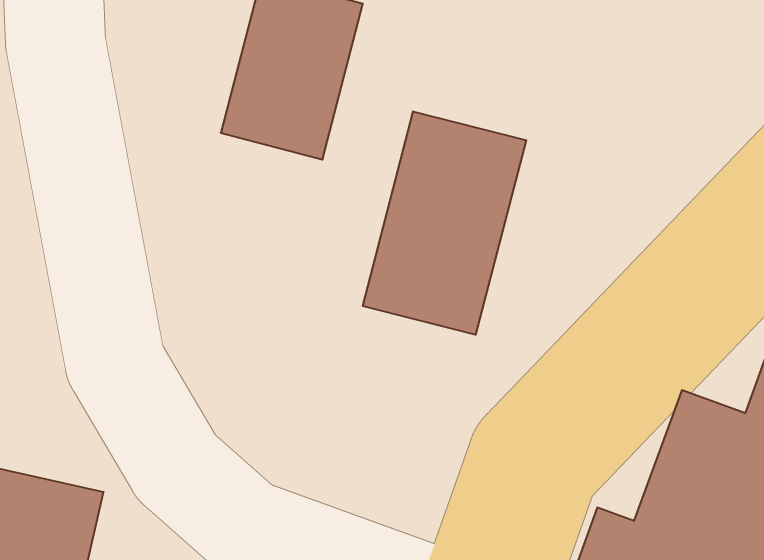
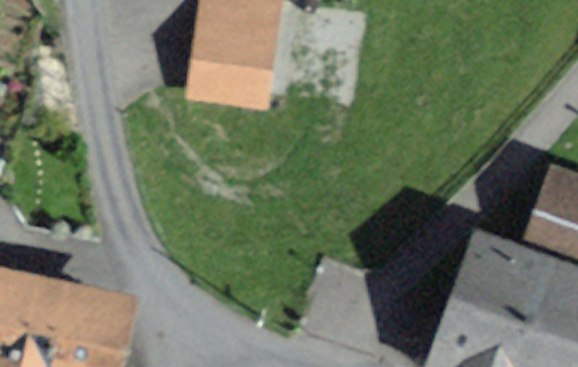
building: [363,111,526,335] -> none

